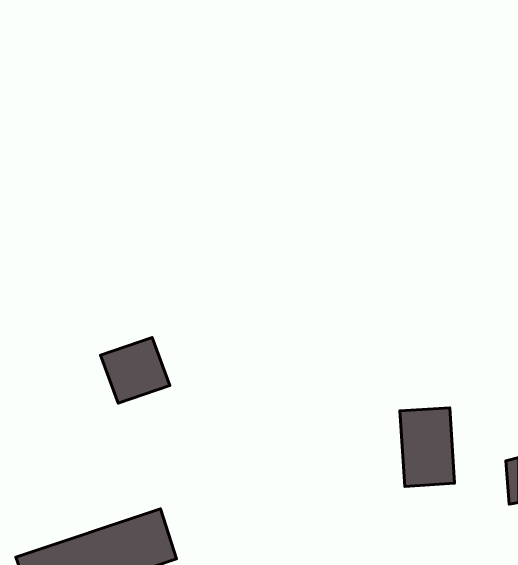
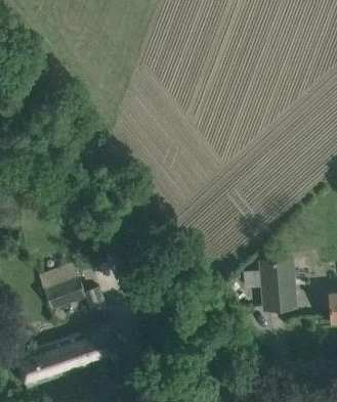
building: [101,337,170,403] -> [41,267,85,309]

